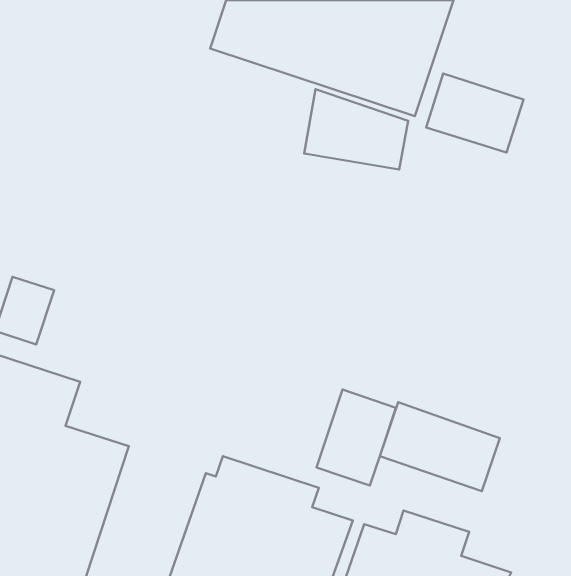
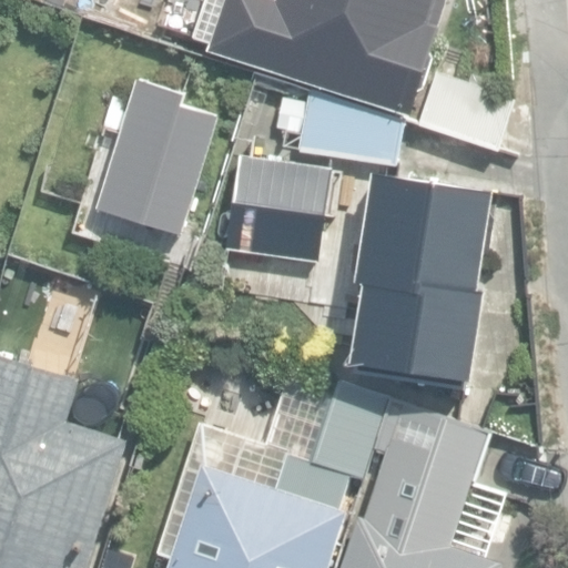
building: none -> [94,79,216,235]
building: none -> [227,155,329,262]
building: none -> [349,173,491,379]

